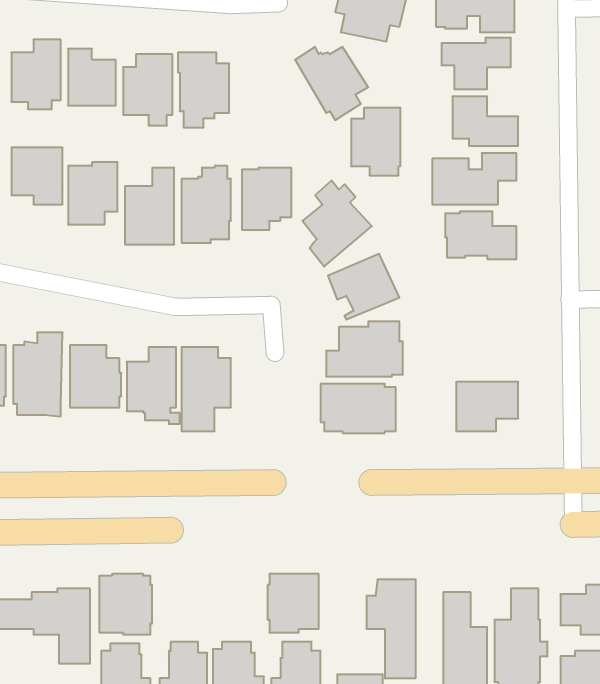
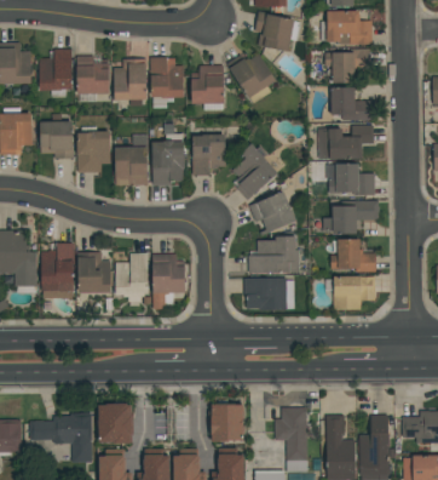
building: [351,108,400,175] -> [191,65,224,110]
building: none -> [323,200,379,234]
building: none -> [330,239,376,272]

